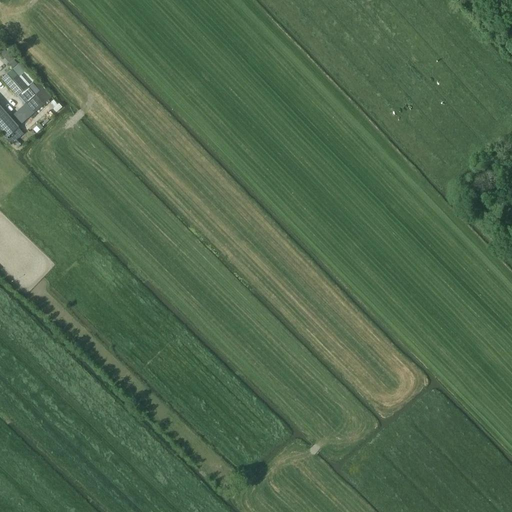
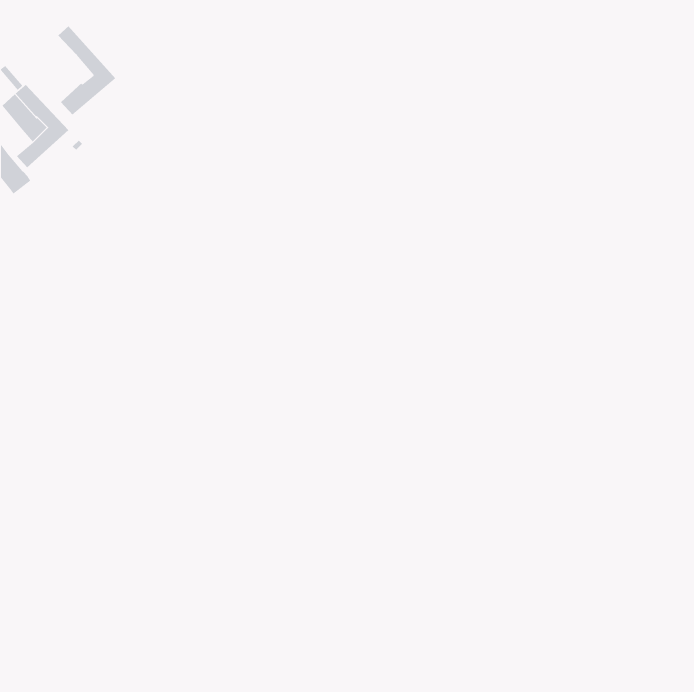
building: none -> [58,26,116,116]

